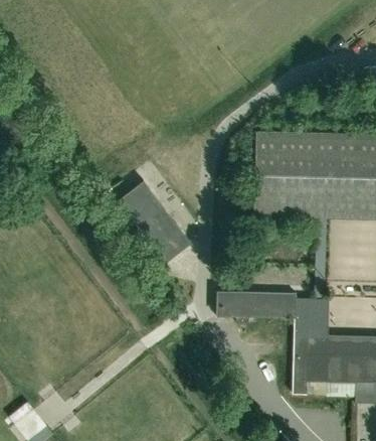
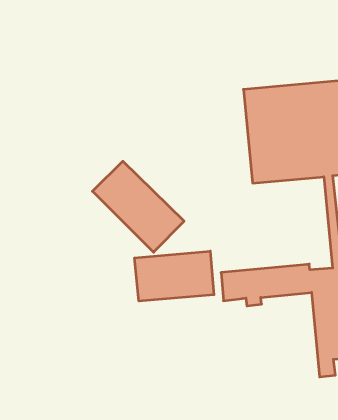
building: none -> [135,251,214,301]

